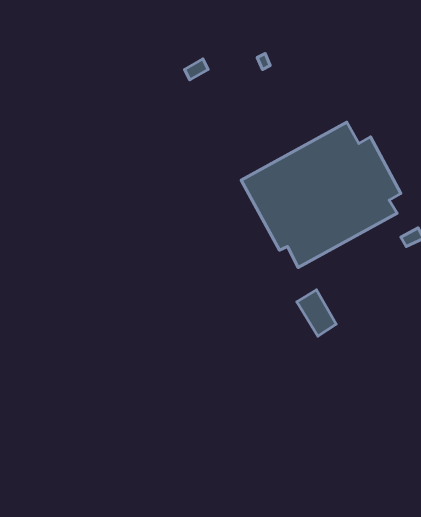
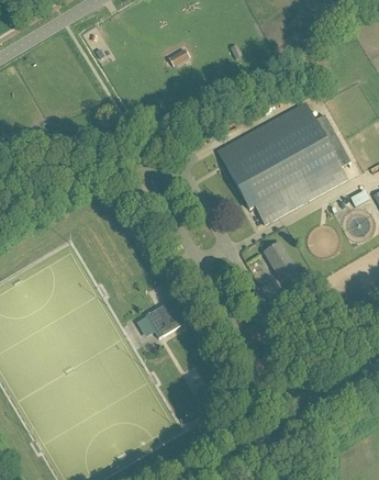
building: none -> [145,302,180,337]

